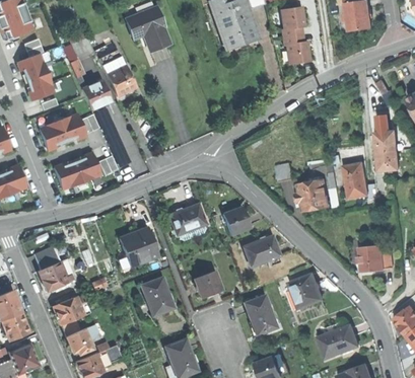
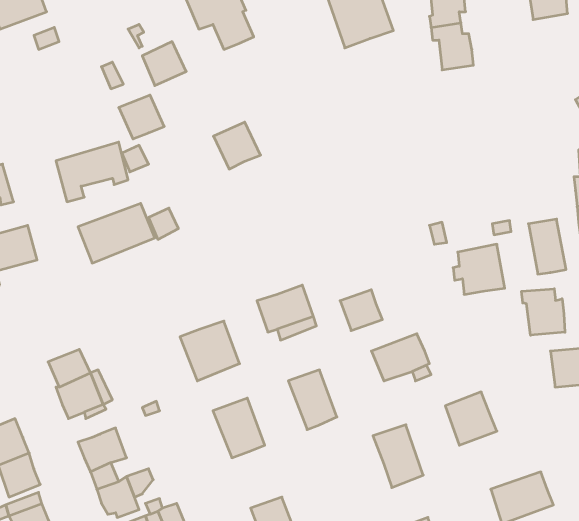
building: [16,51,56,99] -> none
building: [103,66,134,96] -> [213,122,261,169]
building: none -> [522,289,565,335]

